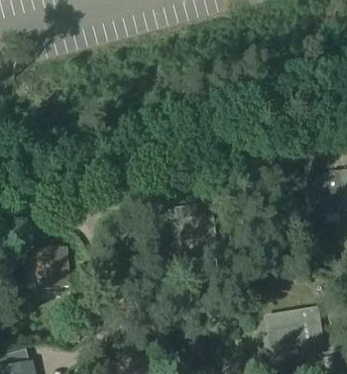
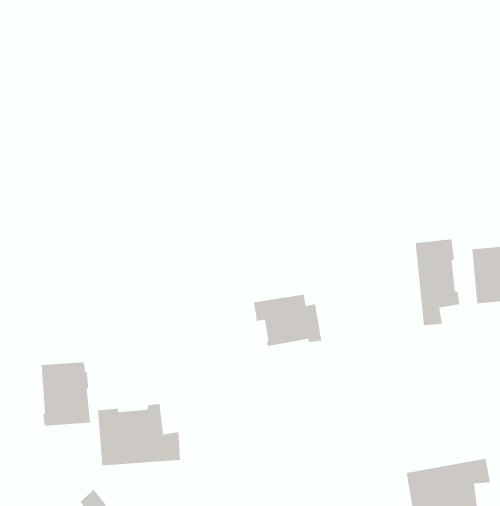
building: none -> [415,238,460,326]
building: none -> [98,403,180,466]

